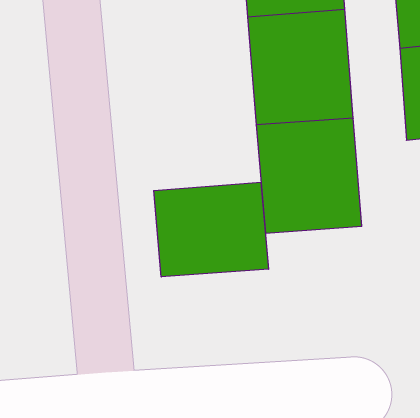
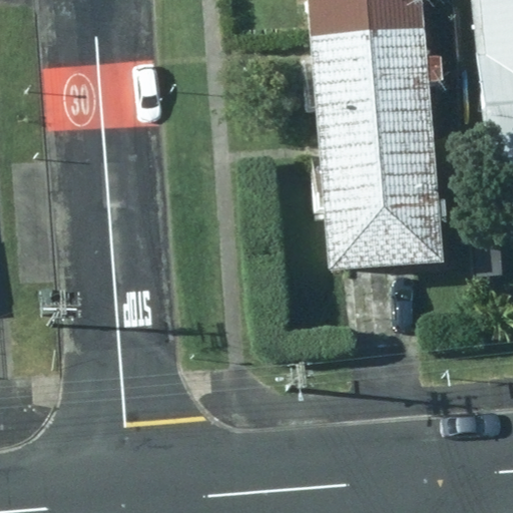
building: [154,182,269,277] -> none

